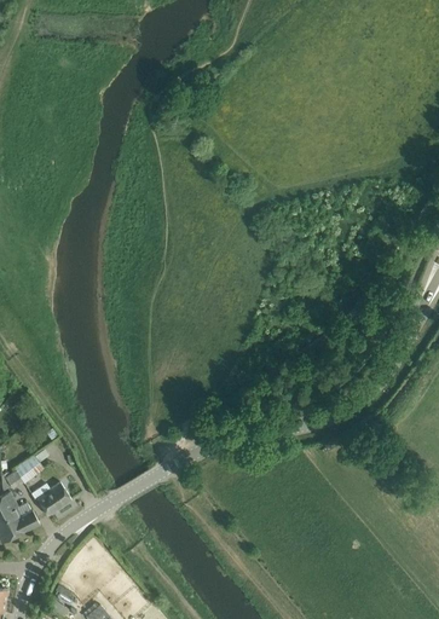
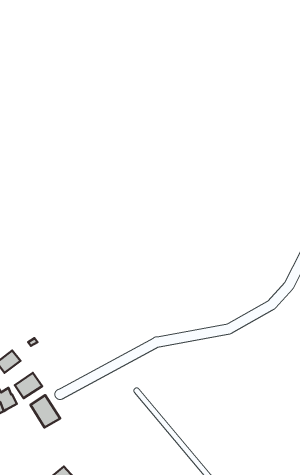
building: none -> [30,395,60,428]

